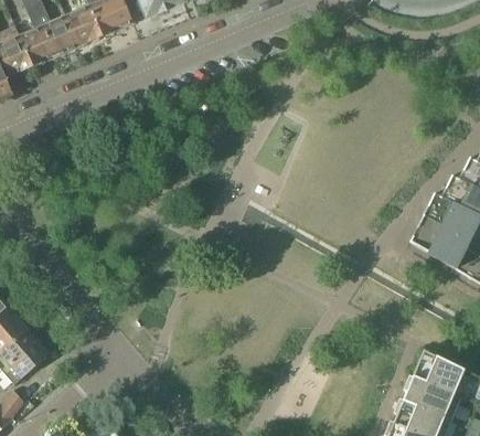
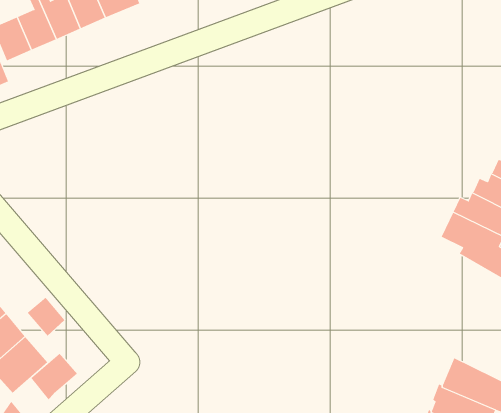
building: none -> [27,297,65,337]
building: none -> [30,353,78,400]

